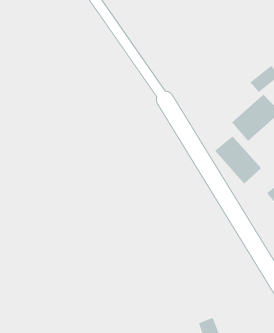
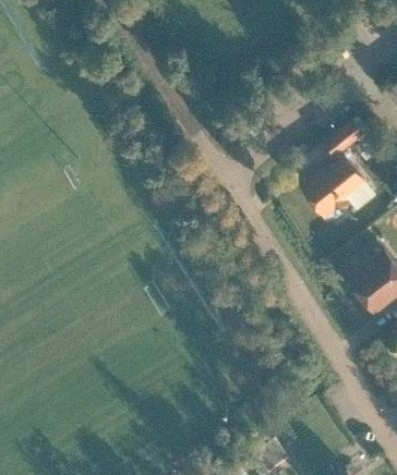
building: [214,135,262,184] -> none

